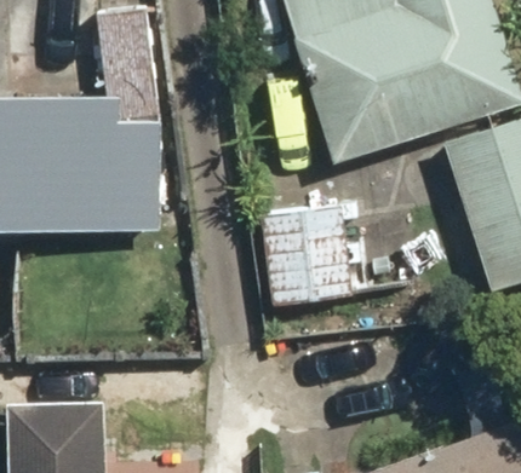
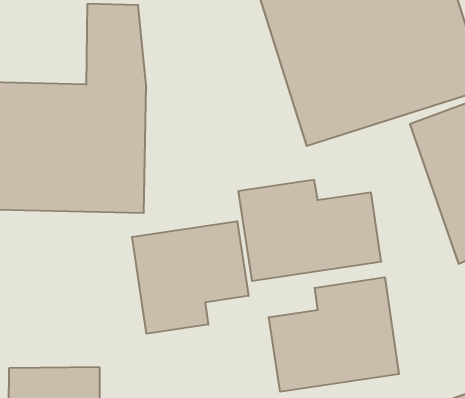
building: none -> [132,221,249,334]
building: none -> [269,277,399,392]

